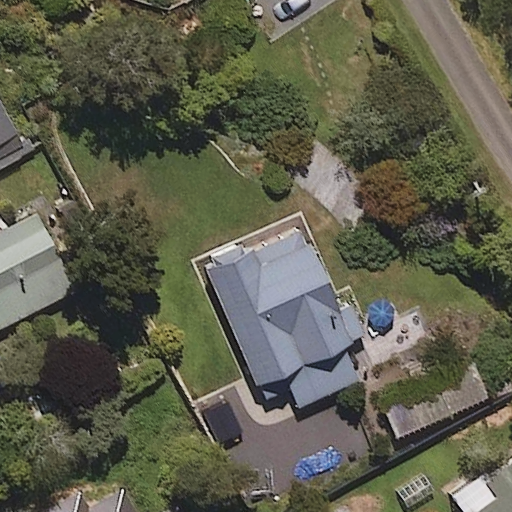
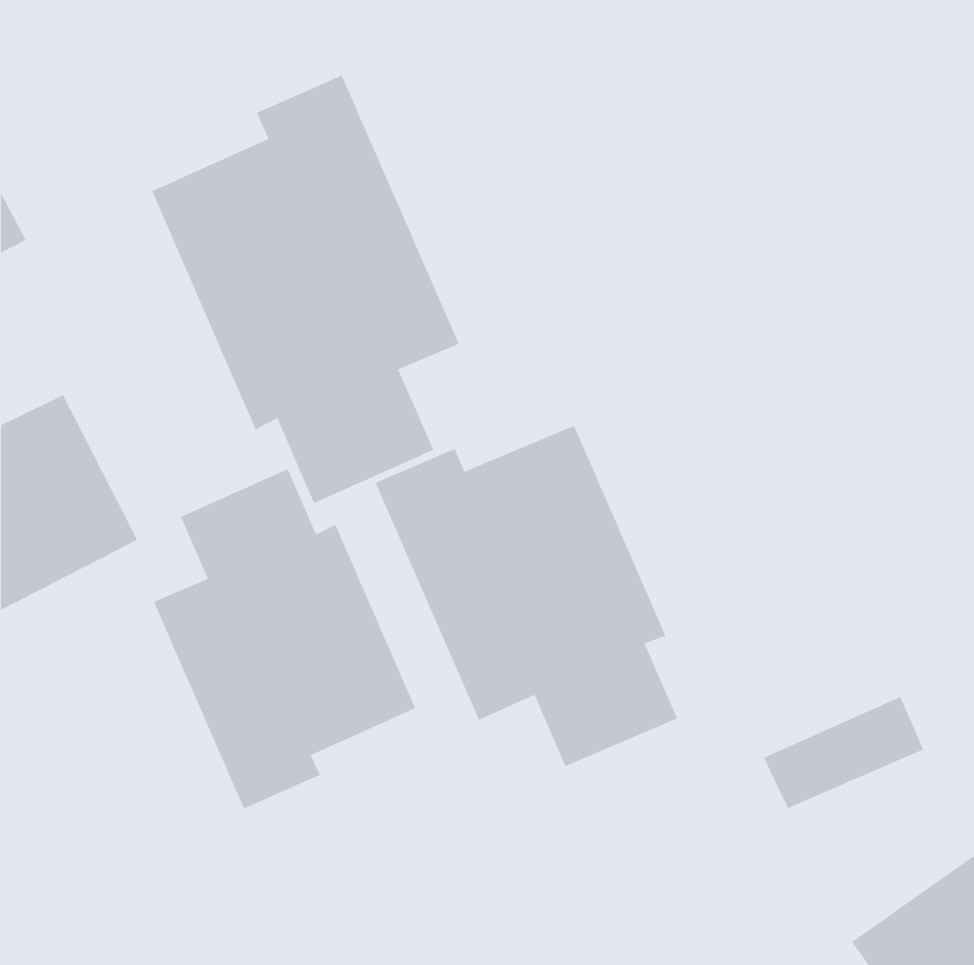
building: none -> [151,74,460,504]
building: none -> [153,468,416,809]

